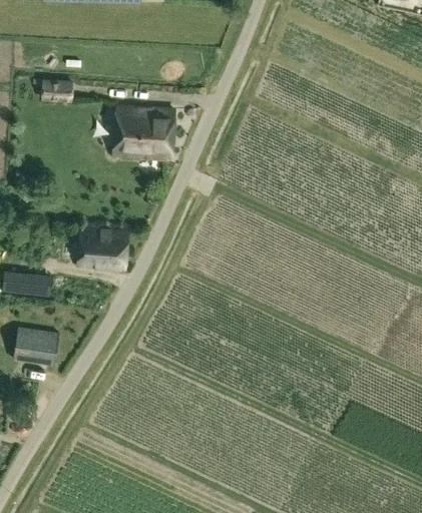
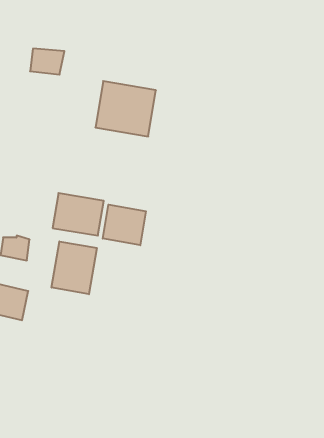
building: none -> [103,205,146,245]
building: none -> [52,241,97,294]

